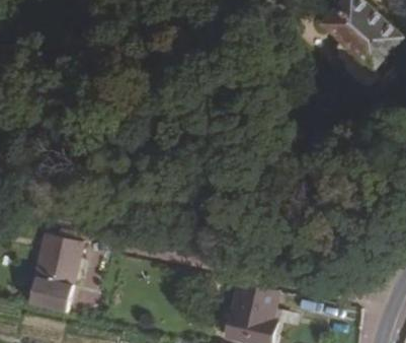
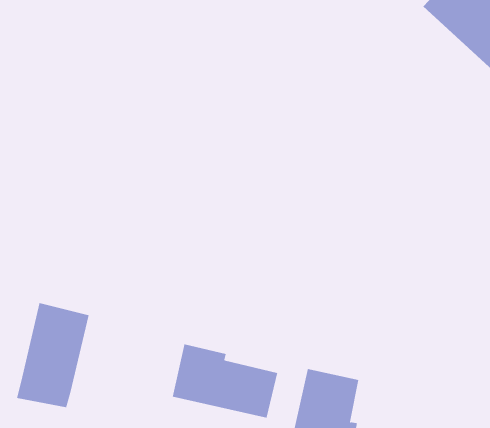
building: none -> [172,343,278,419]

